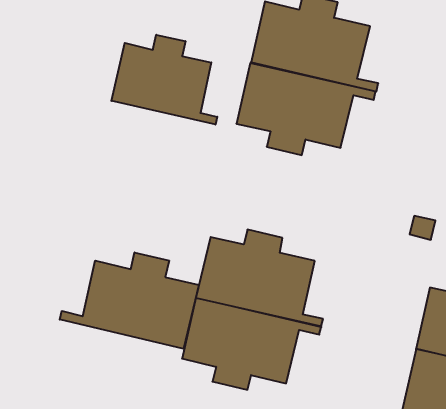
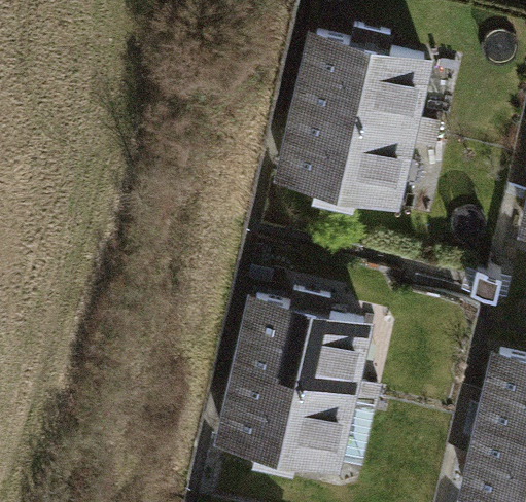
building: [111,35,217,125] -> none
building: [60,252,199,349] -> none

